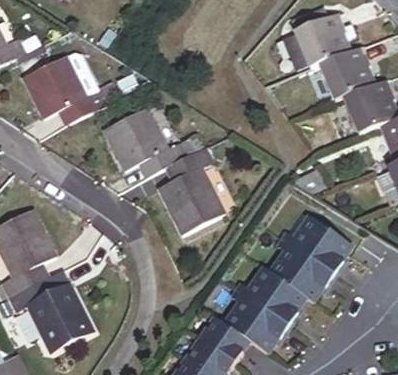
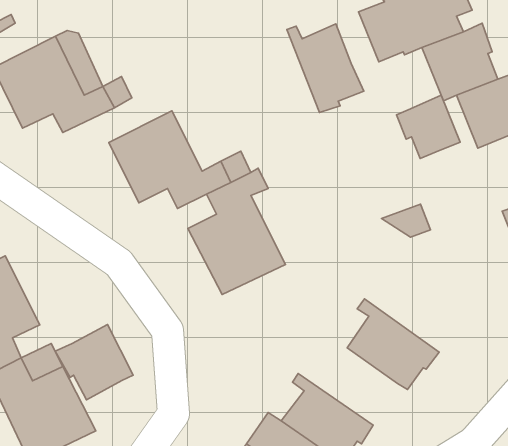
building: none -> [287,24,364,113]
building: none -> [396,95,460,159]
building: [281,214,352,276] -> none
building: none -> [55,324,133,400]
building: [235,269,304,327] -> none

